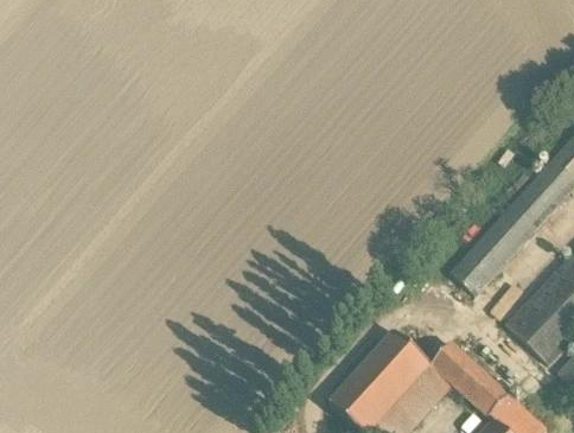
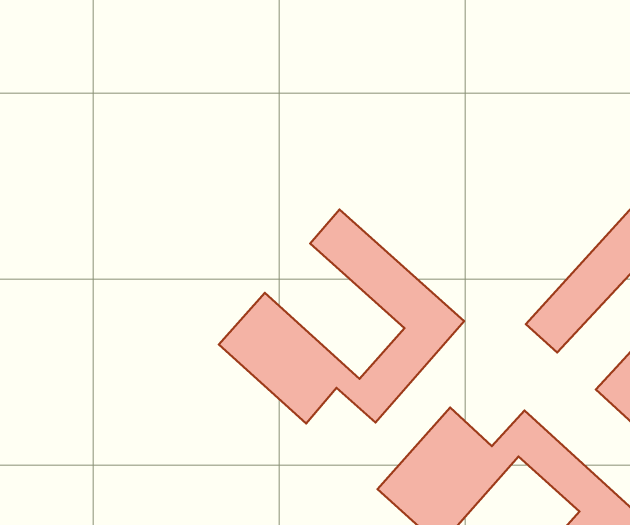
building: none -> [219,209,464,424]

